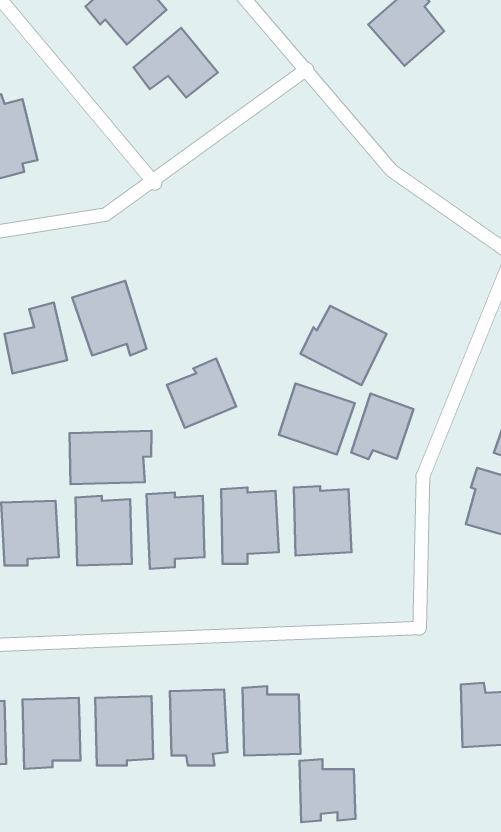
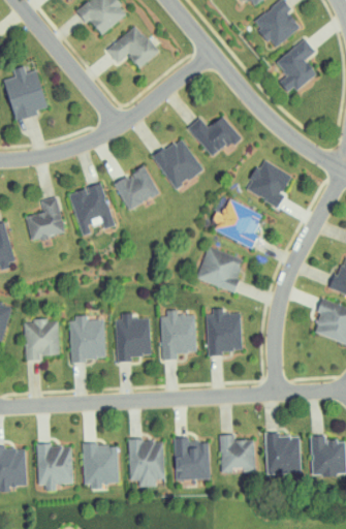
building: none -> [276,38,317,91]
building: none -> [187,115,241,159]
building: none -> [153,137,203,189]
building: none -> [246,159,294,207]
building: [167,358,236,428] -> [115,165,158,209]
building: [351,393,413,459] -> none
building: [69,431,152,484] -> none
building: none -> [265,433,301,469]
building: [299,759,356,822] -> [220,433,255,472]

